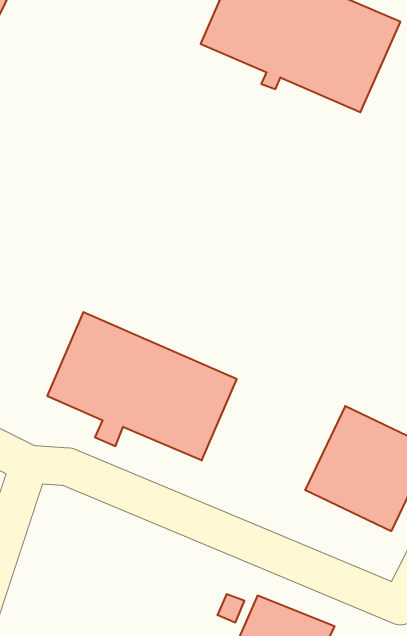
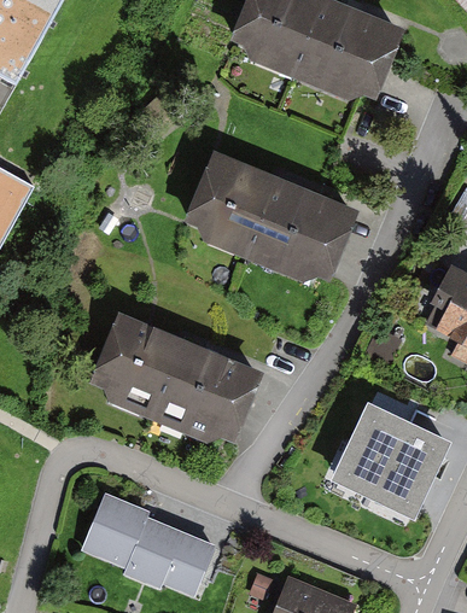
building: none -> [187,158,370,303]
building: none -> [81,490,215,597]

